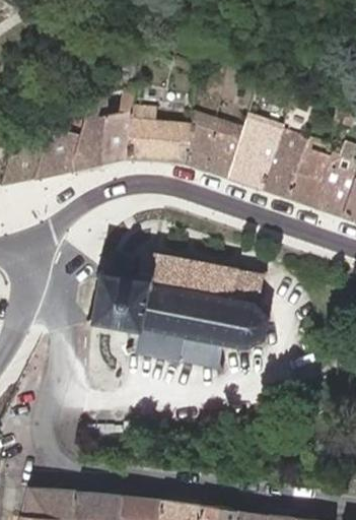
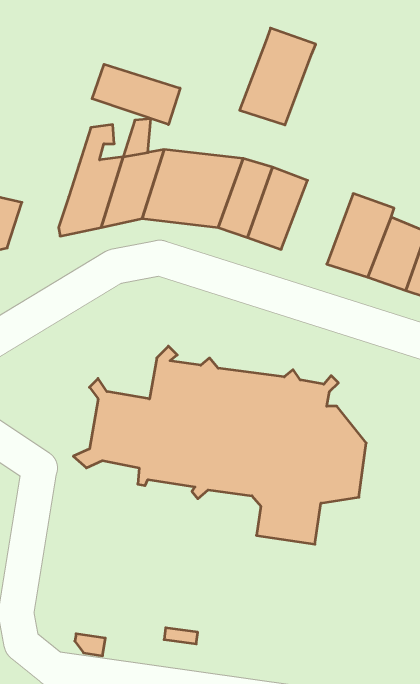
building: none -> [92,64,180,125]
building: [228,122,281,189] -> [240,28,316,125]
building: [39,134,81,178] -> none

